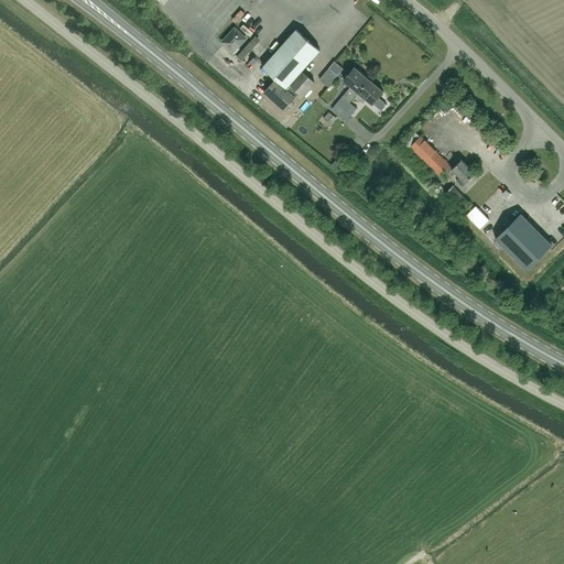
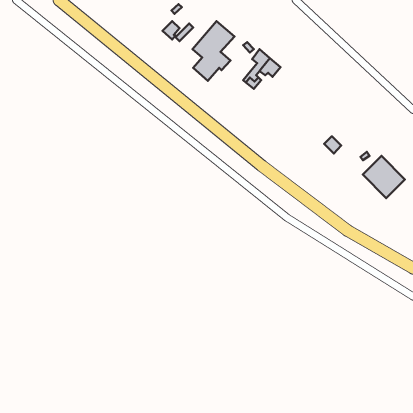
building: [410,137,475,183] -> none

